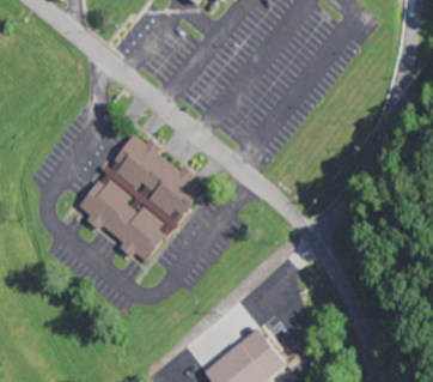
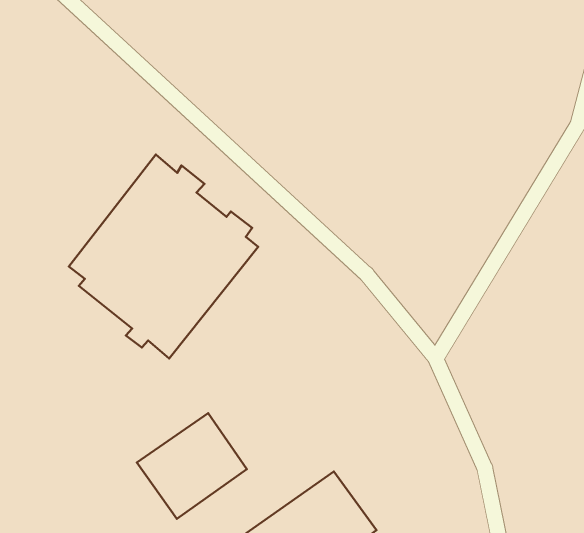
building: none -> [137,413,247,519]

